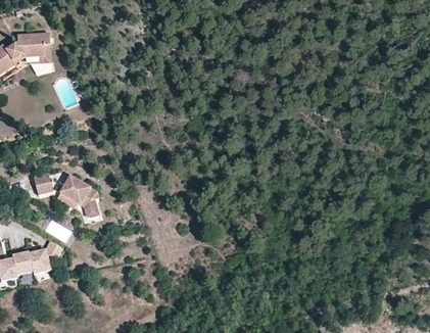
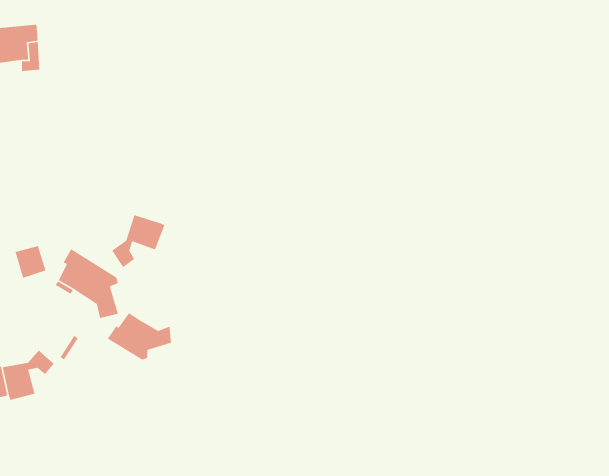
building: none -> [111,214,166,268]
building: none -> [107,312,172,361]

